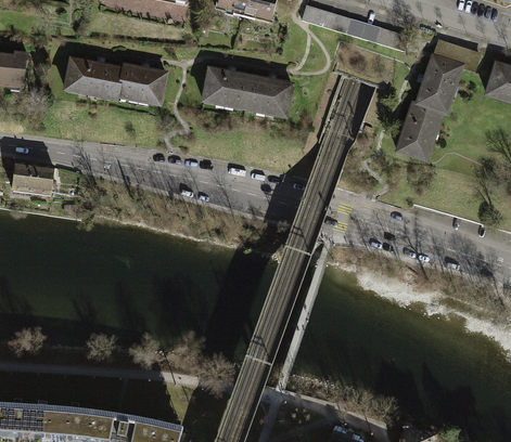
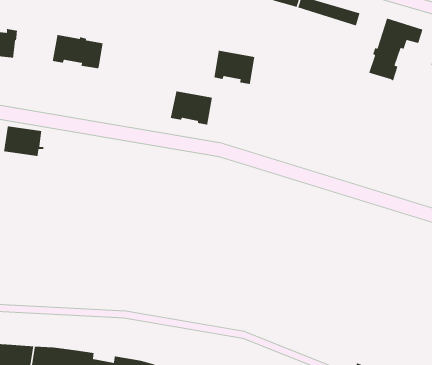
building: [118,65,166,103] -> none
building: [203,68,251,107] -> [170,90,213,125]
building: [397,101,443,159] -> none

